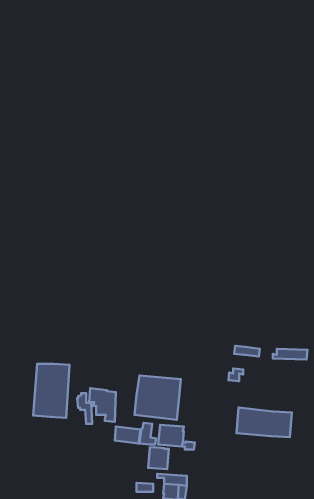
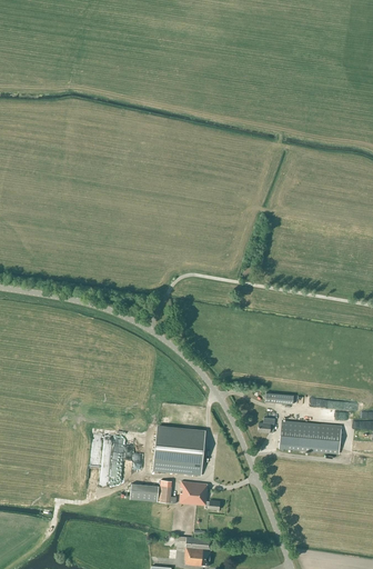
building: [33,364,70,418] -> none
building: [236,408,292,437] -> [280,420,342,453]
building: [148,447,169,469] -> none

